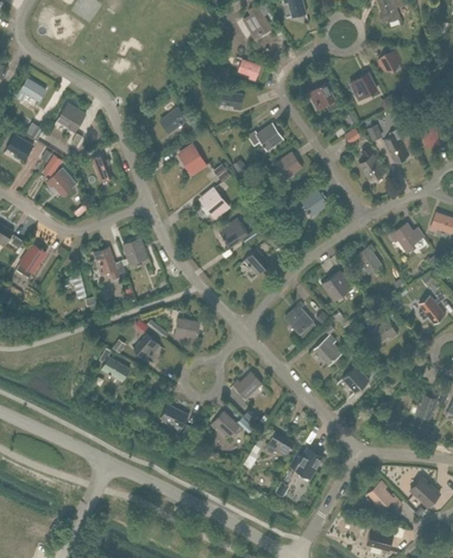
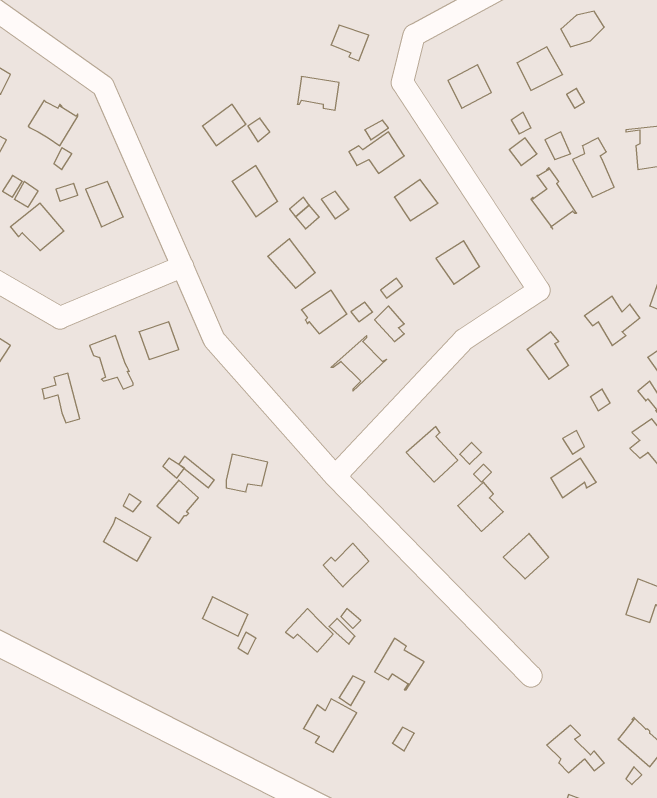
building: [321,270,360,301] -> none
building: [290,447,322,479] -> [303,699,357,752]

